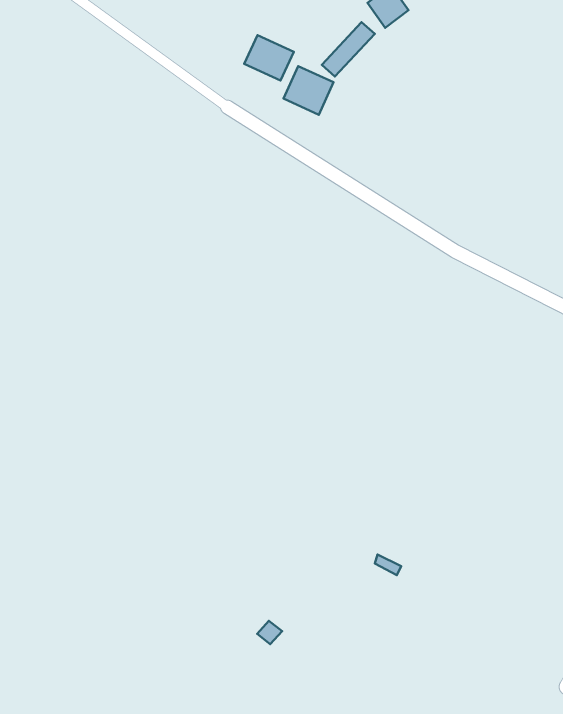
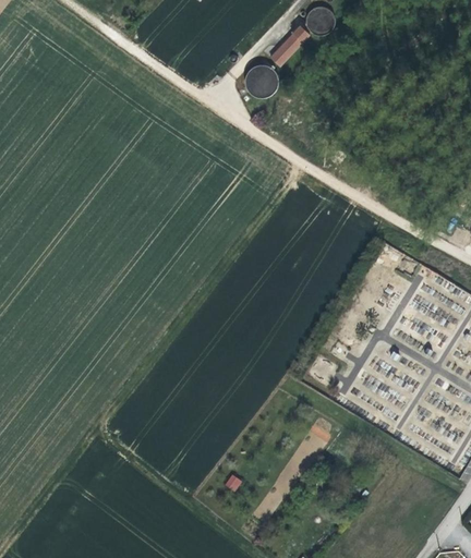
building: [244,35,294,81] -> none

